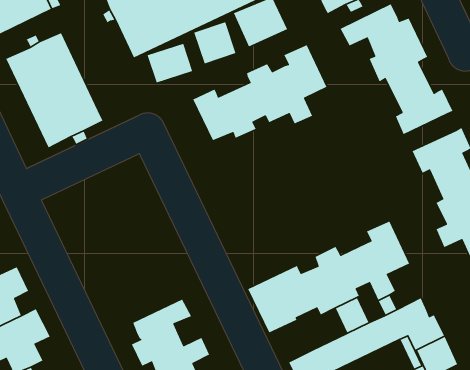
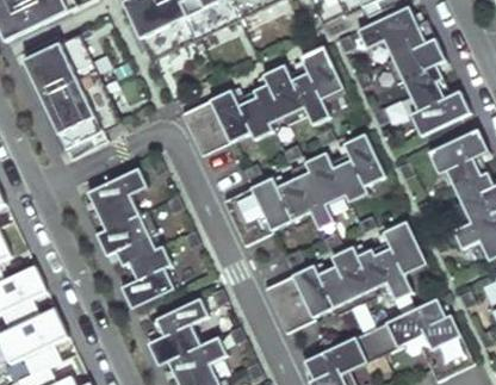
building: none -> [180,100,229,156]
building: none -> [222,133,384,246]
building: none -> [86,167,174,309]

